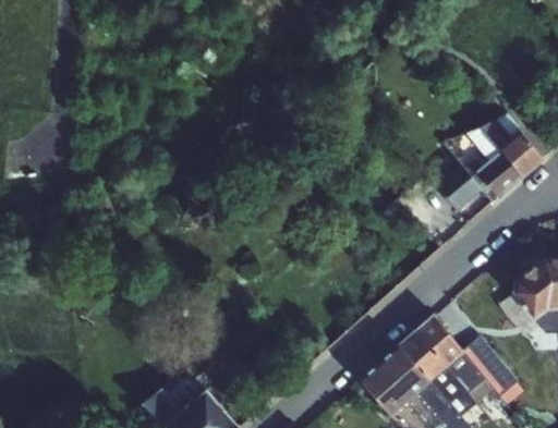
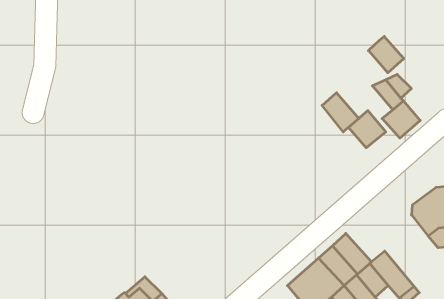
building: [500,132,544,176] -> [368,36,404,73]
building: none -> [322,93,359,132]

